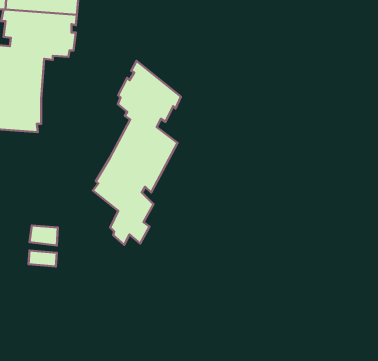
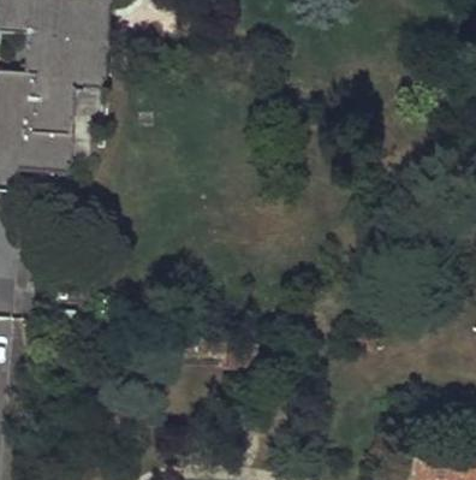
building: [93,61,181,245] -> none

